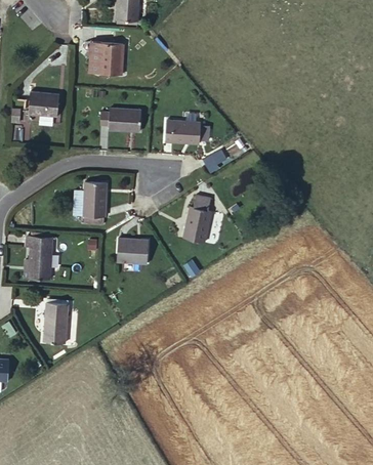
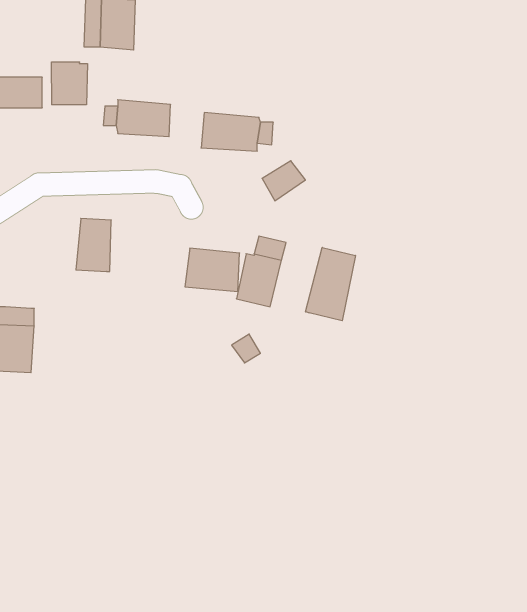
building: none -> [52,62,87,105]
building: none -> [306,247,355,321]
building: [115,237,150,264] -> [185,248,240,292]
building: [48,306,73,346] -> none

